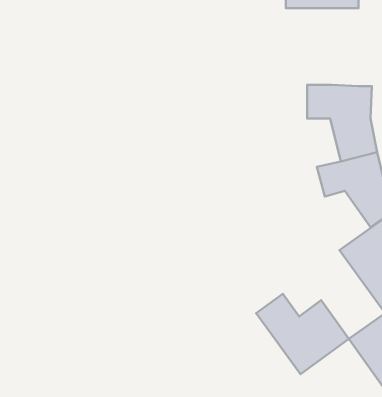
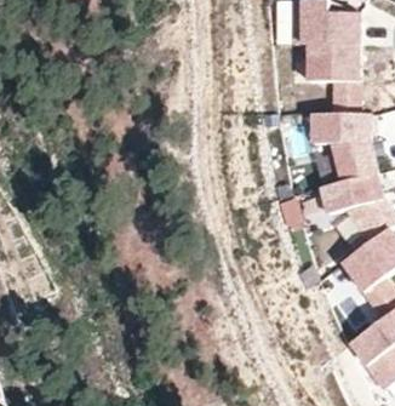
building: none -> [308,42,359,113]
building: [256,294,349,374] -> none

